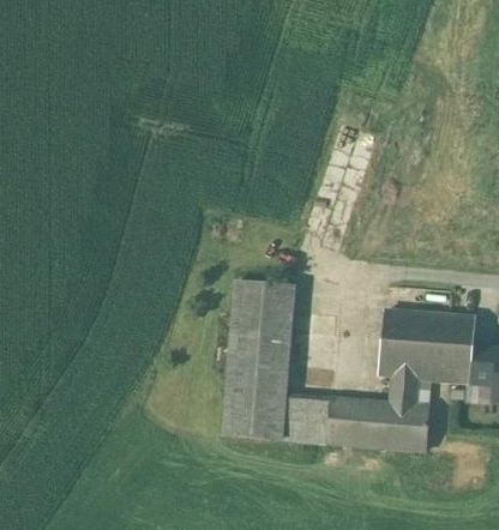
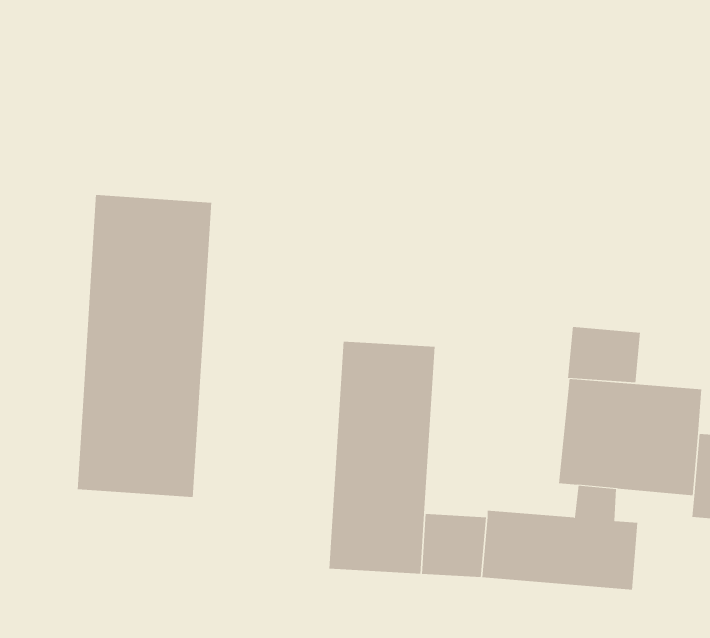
building: none -> [77,194,212,498]
building: none -> [567,326,641,383]

